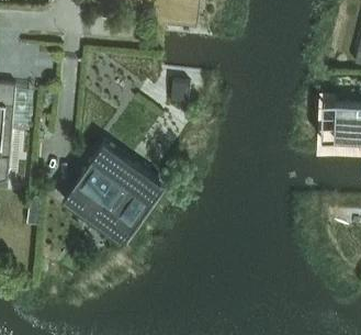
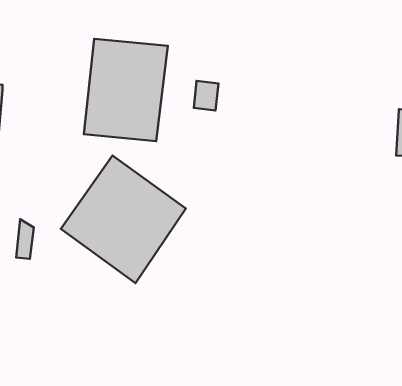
building: none -> [84,39,168,141]

